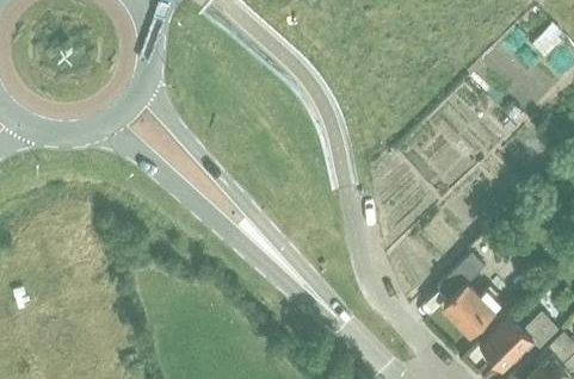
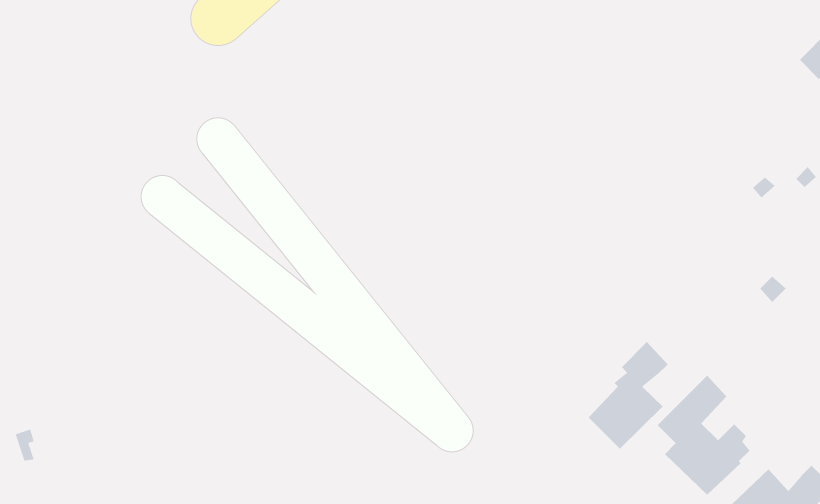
building: none -> [588,341,669,450]

